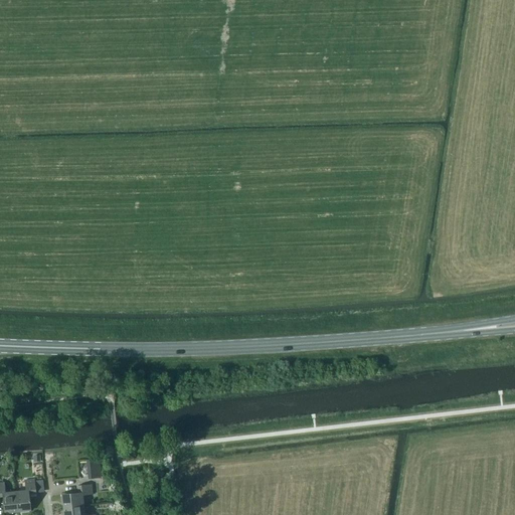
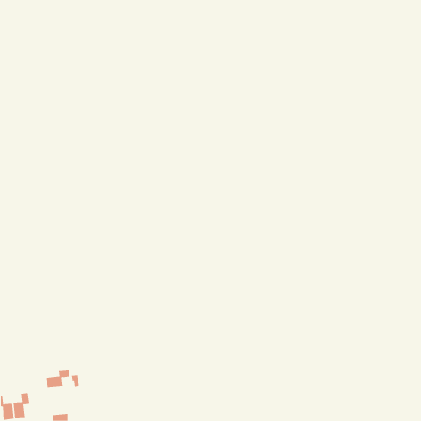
building: [63,484,93,506] -> [46,370,70,388]

